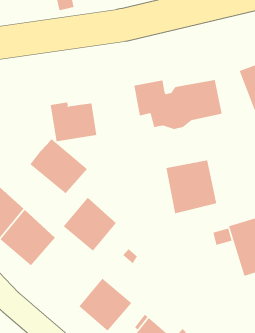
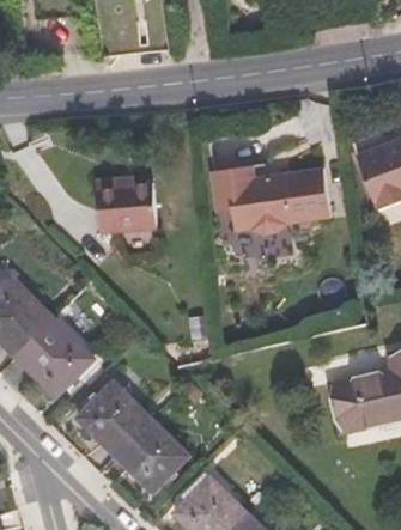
building: [30,138,88,194] -> none
building: [166,159,217,214] -> none
building: [63,197,117,252] -> [78,382,151,456]

